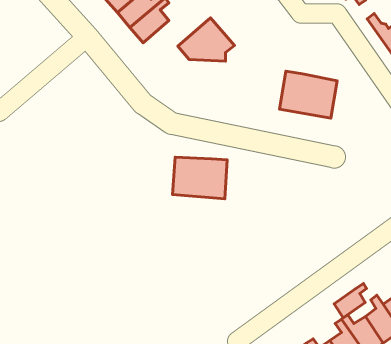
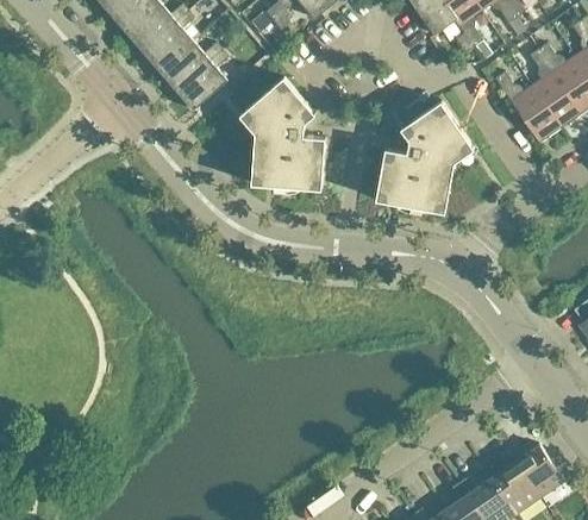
building: none -> [401,101,474,162]
building: [172,157,227,199] -> [251,133,325,189]
building: [334,283,367,318] -> none

